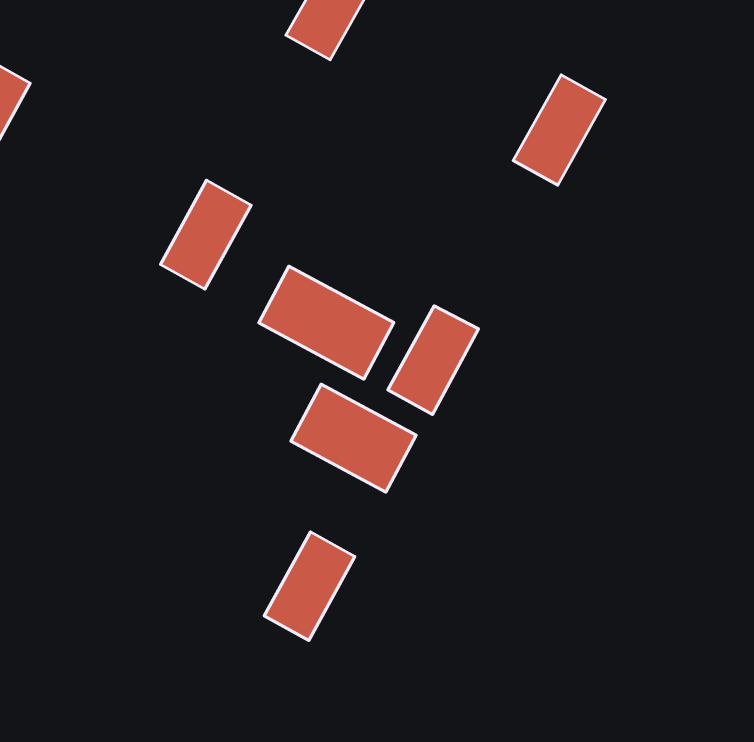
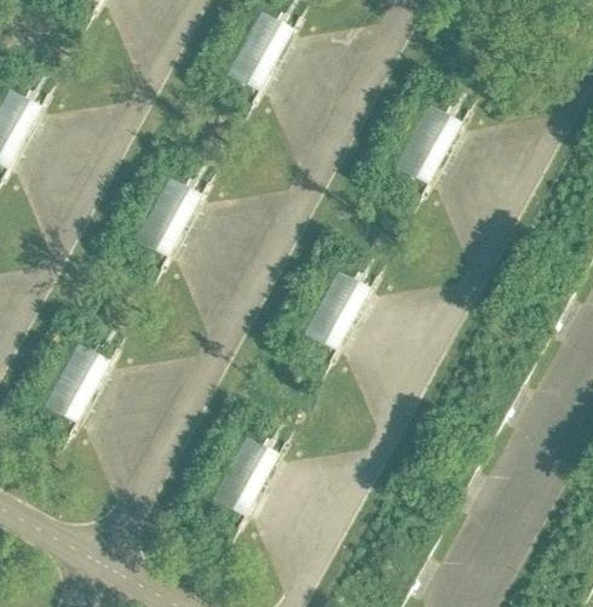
building: [259,266,394,379] -> none
building: [291,384,416,492] -> none
building: none -> [41,344,109,424]

